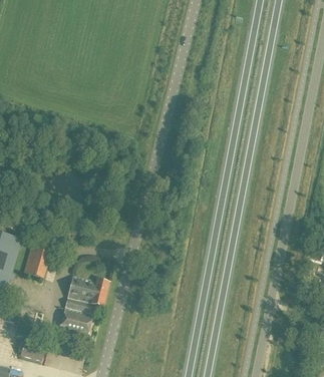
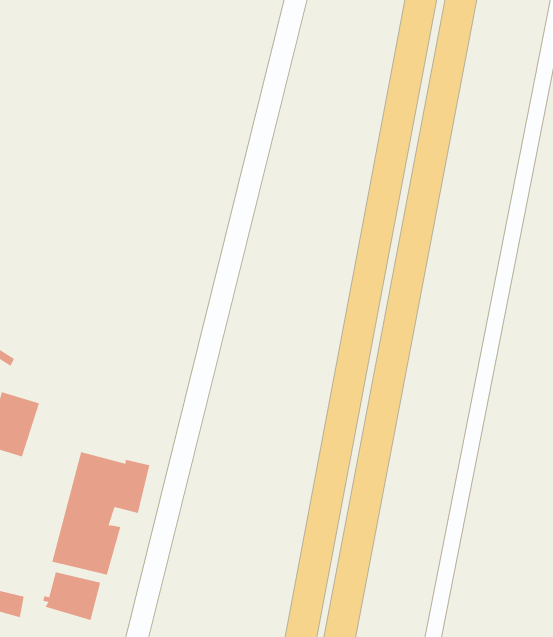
building: none -> [43,571,101,621]

